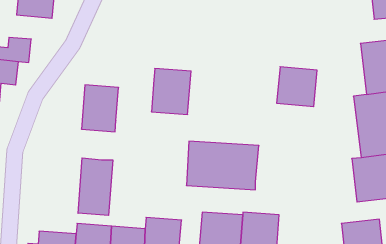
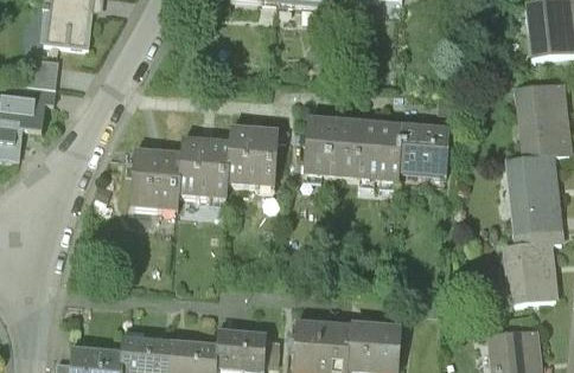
building: none -> [177,136,229,200]
building: [186,141,259,190] -> [302,116,402,182]
building: [78,158,113,215] -> none

